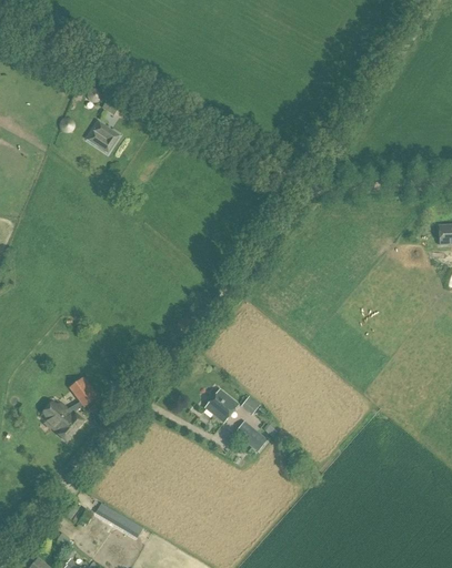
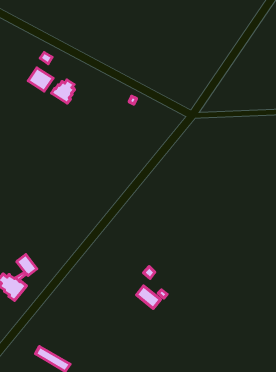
building: none -> [52,80,74,103]
building: [205,389,237,420] -> none

